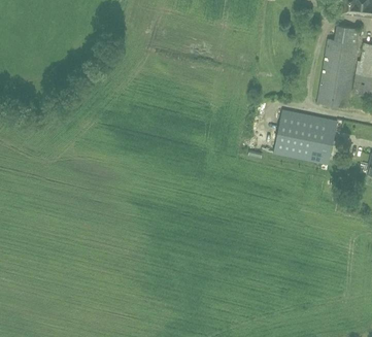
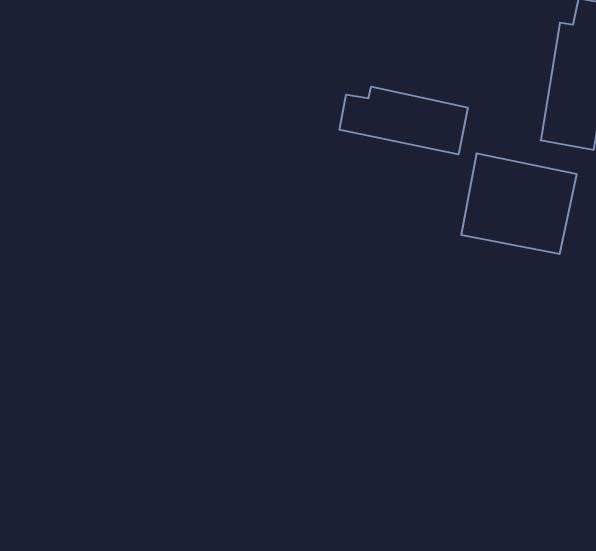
building: none -> [340,87,468,154]

